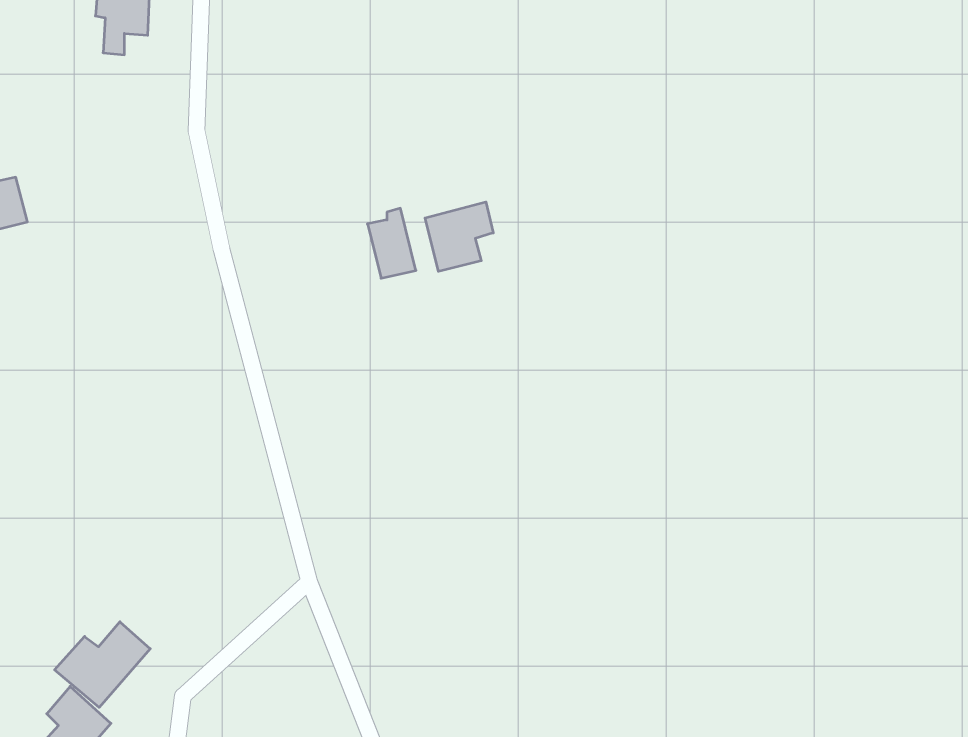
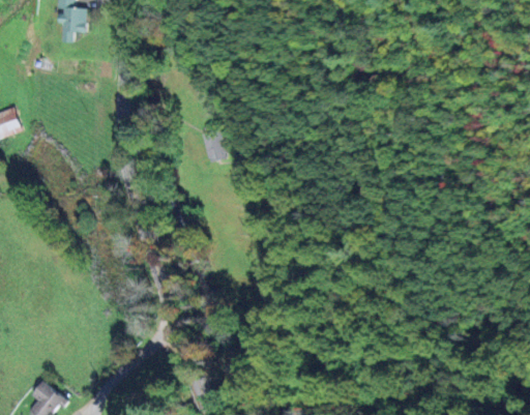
building: [425,202,493,271] -> none
building: [55,622,150,707] -> none

